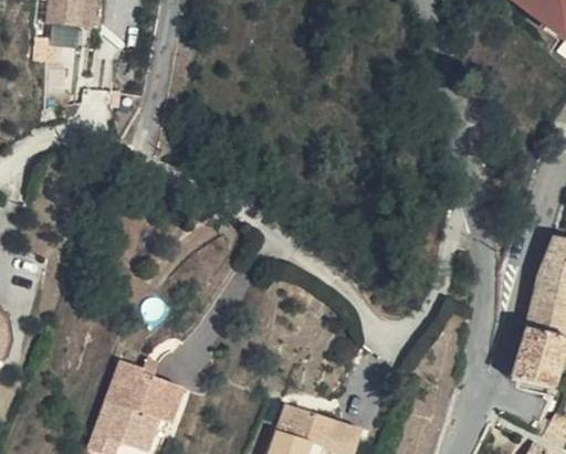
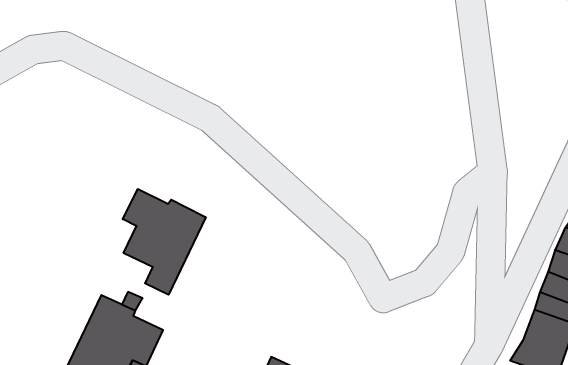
building: none -> [123,189,206,295]

